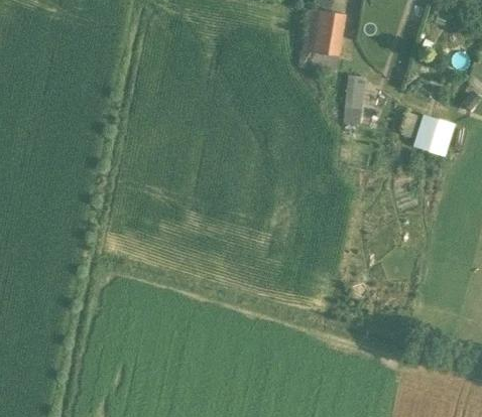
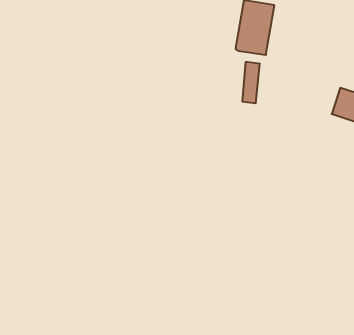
building: [344,75,365,124] -> [242,62,260,103]

